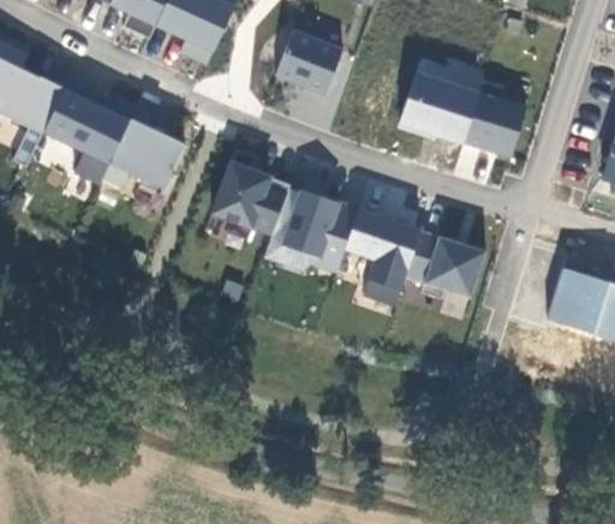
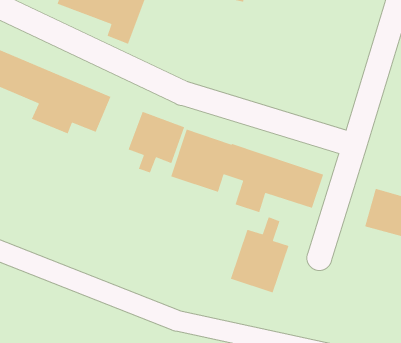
building: [276,30,342,95] -> none
building: [401,54,525,156] -> none
building: none -> [230,216,289,293]

